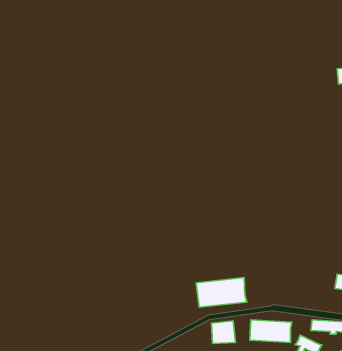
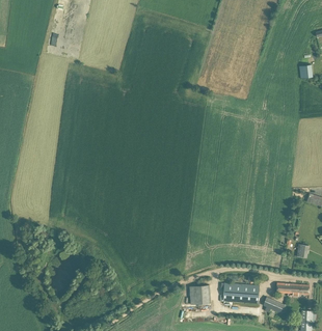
building: [196,278,247,307] -> none

